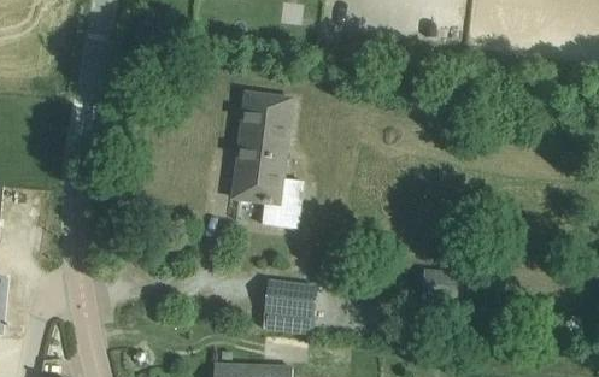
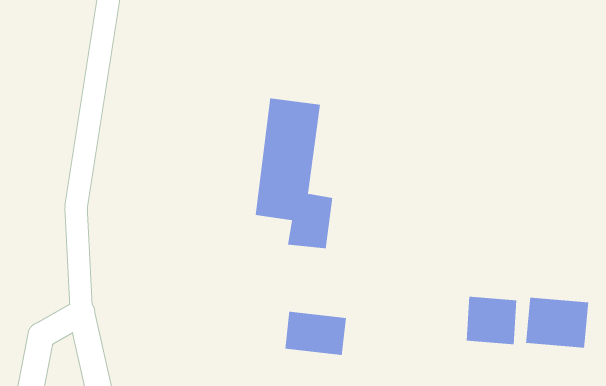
building: none -> [526,297,589,349]

